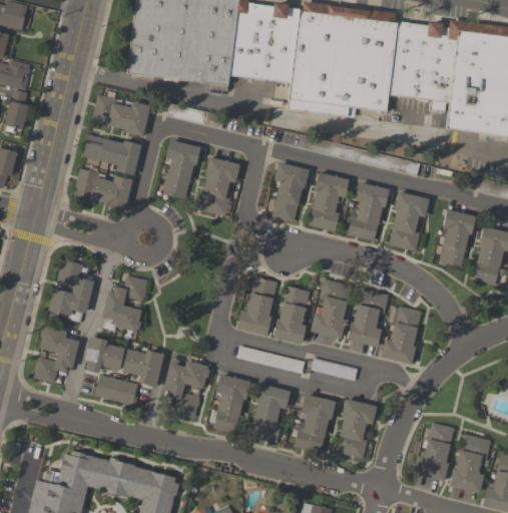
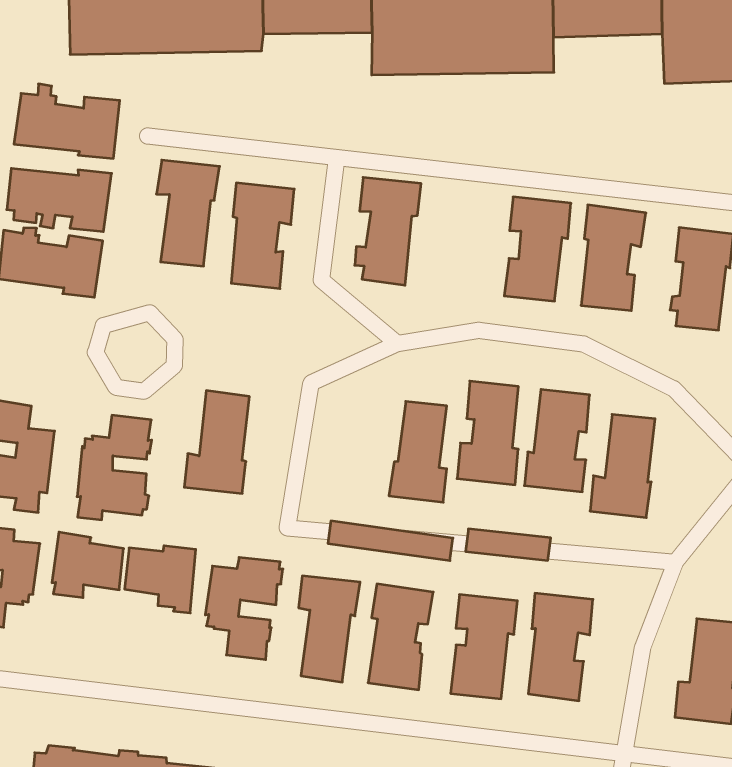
building: [310,171,350,231] -> none
building: [236,276,278,334] -> [184,391,249,493]
building: [95,374,138,405] -> none

